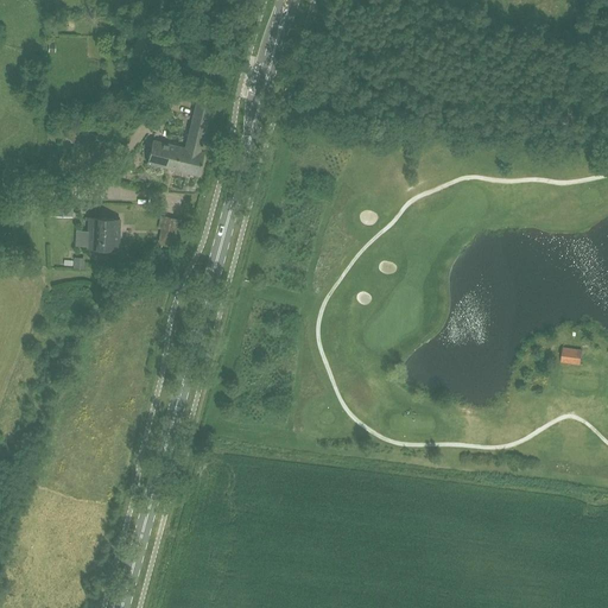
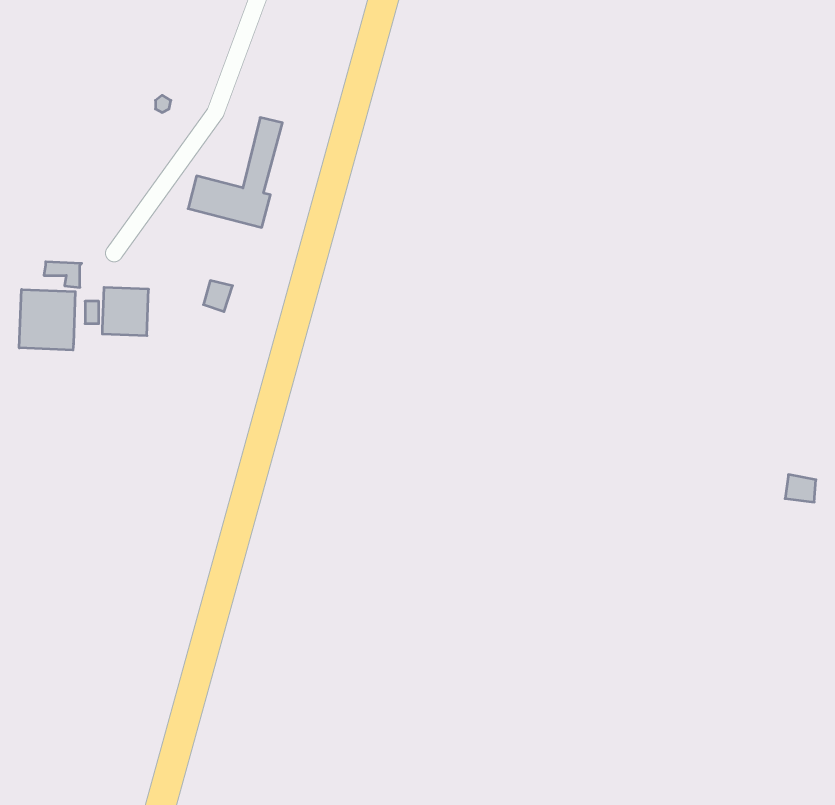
building: none -> [19,289,75,350]

